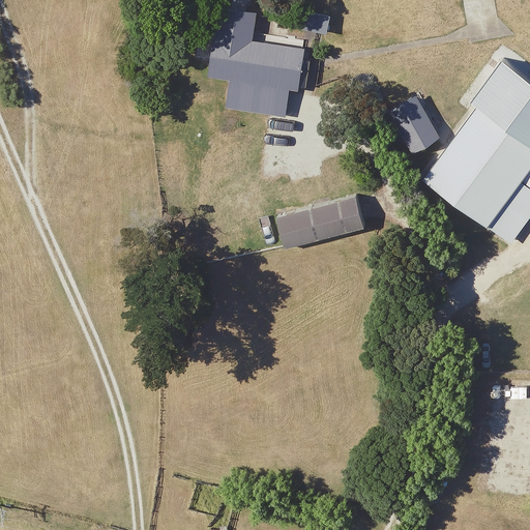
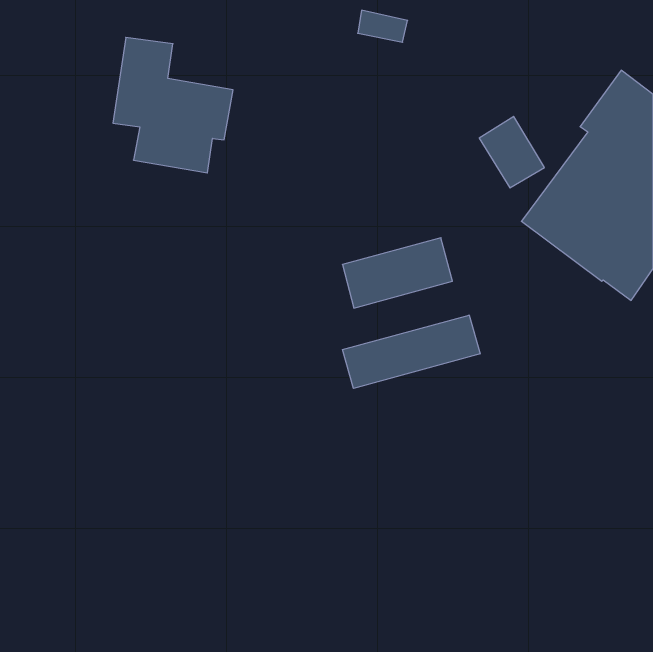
building: [209,8,306,118] -> [113,37,233,173]
building: none -> [343,315,480,388]

